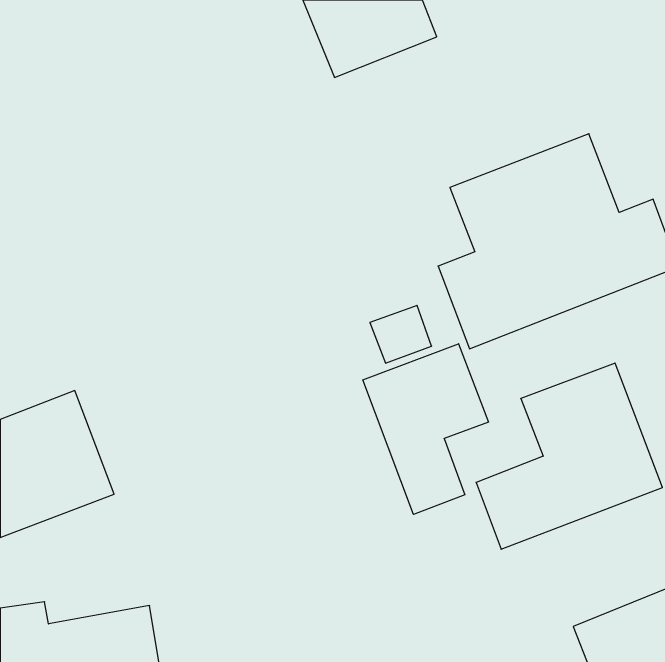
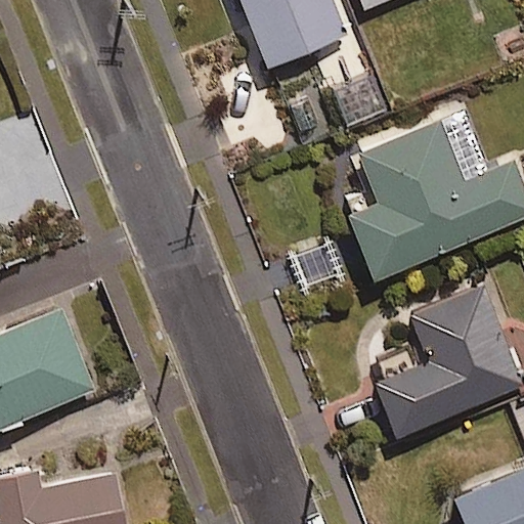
building: [363,344,489,514] -> none

